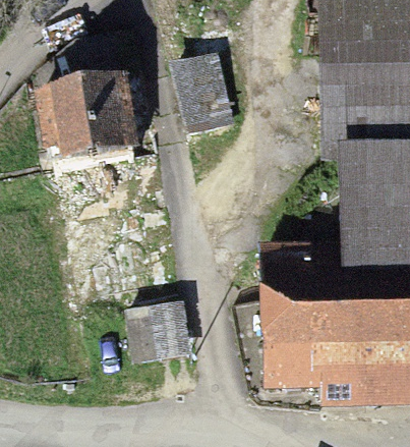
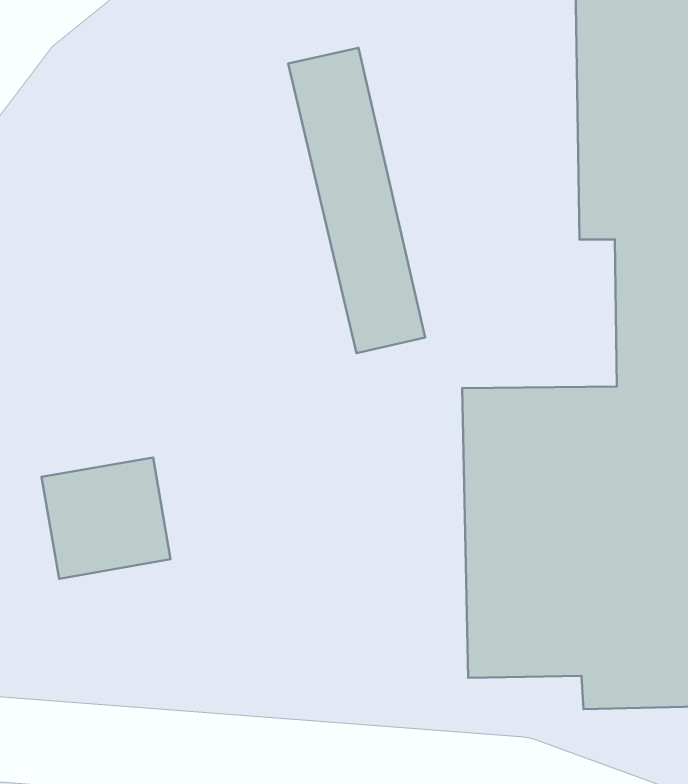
building: [36,69,159,160] -> none
building: [126,298,193,361] -> [41,457,171,579]

